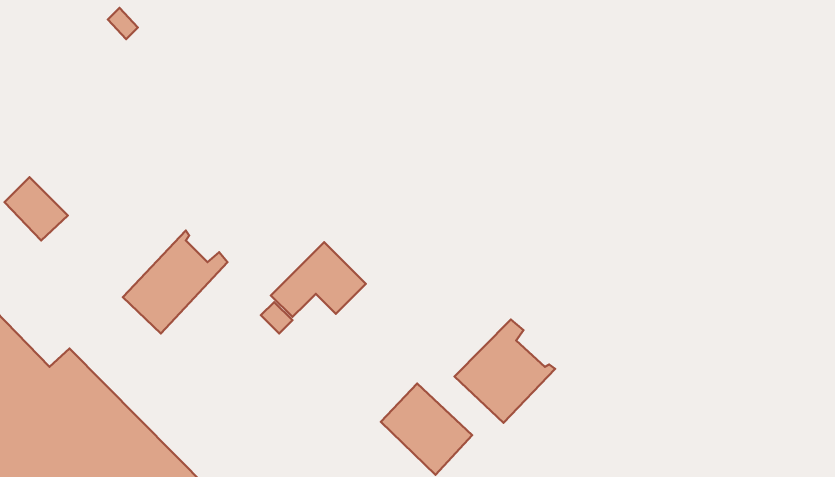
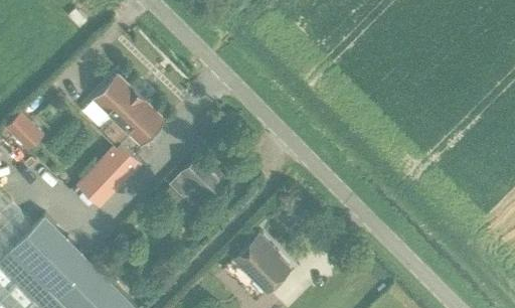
building: none -> [94,74,166,166]
building: [455,320,555,423] -> none

